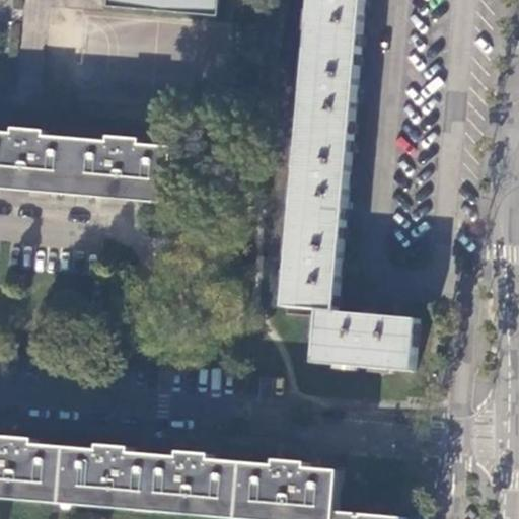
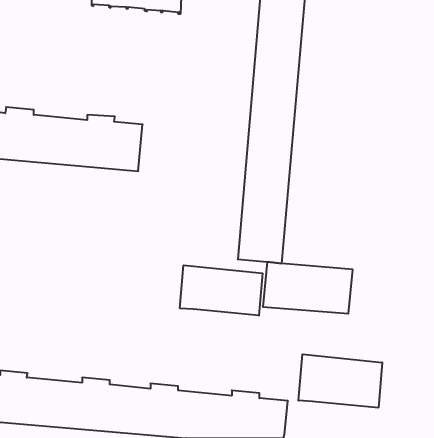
building: none -> [180,265,263,316]
building: none -> [298,354,382,408]

